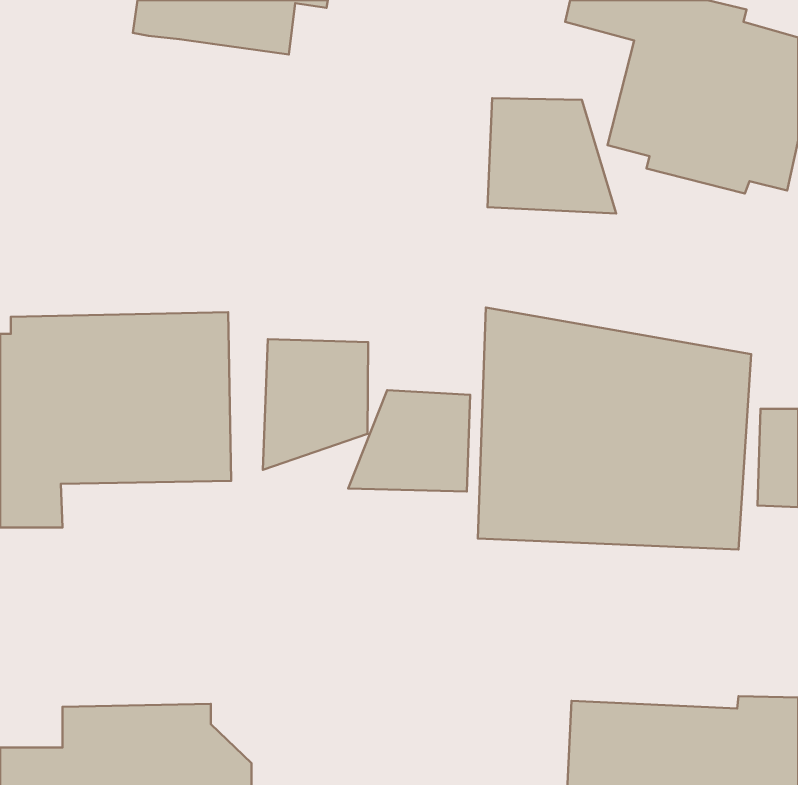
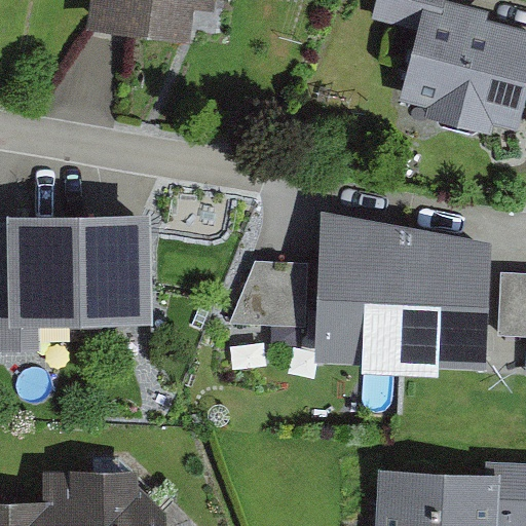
building: [488,98,616,213] -> none
building: [263,339,368,470] -> none

